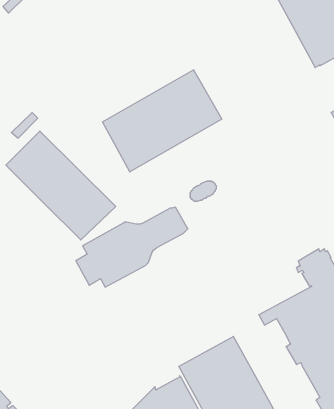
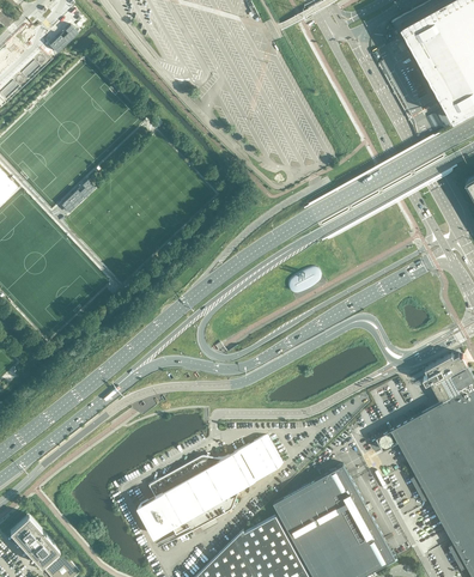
building: [103,70,222,172] -> none
building: [6,131,116,240] -> none
building: [76,207,188,287] -> [140,437,282,539]

